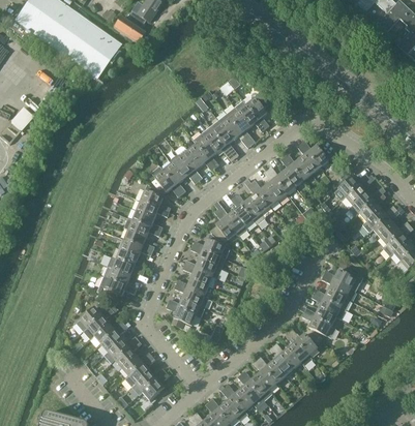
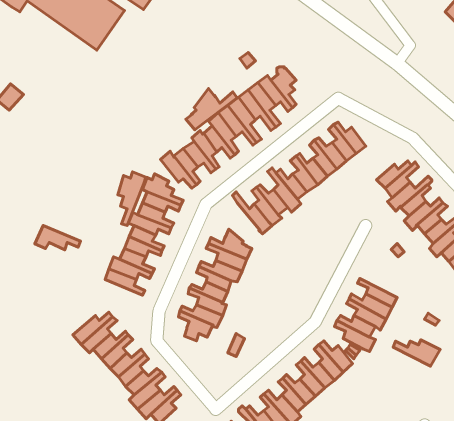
building: none -> [186,88,237,130]
building: none -> [118,172,146,225]
building: [209,210,237,242] -> none
building: [323,269,363,292] -> [393,340,440,366]
building: [96,276,136,297] -> [35,226,80,250]

